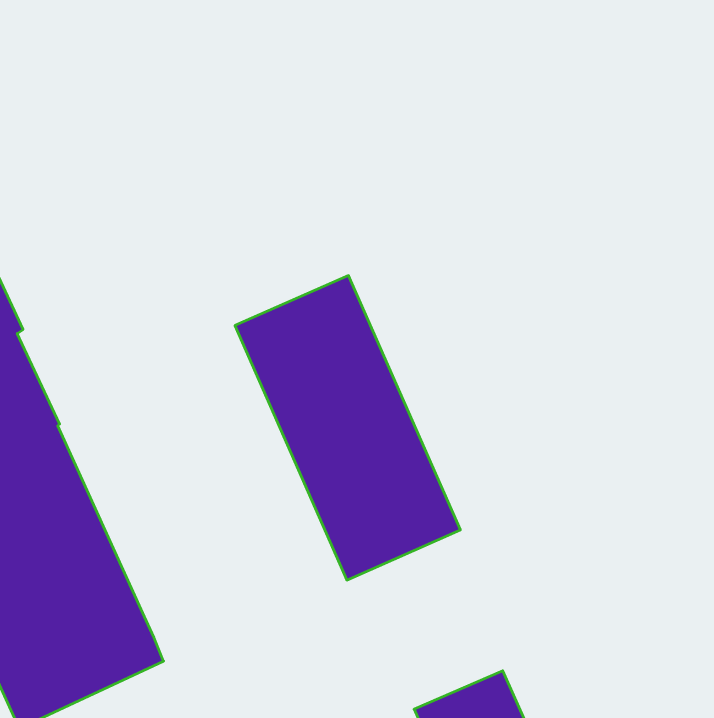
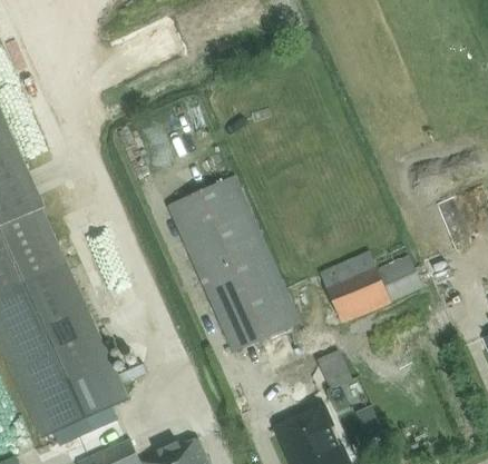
building: none -> [318,246,421,324]
building: none -> [315,349,352,391]

